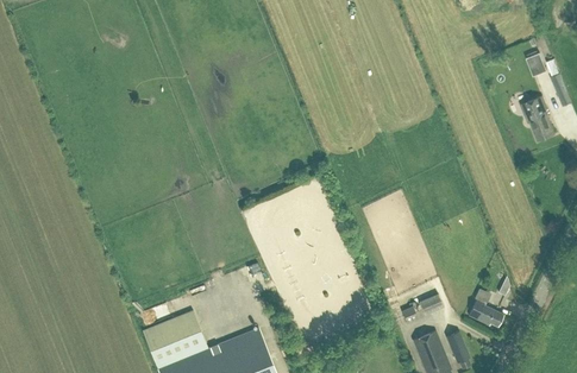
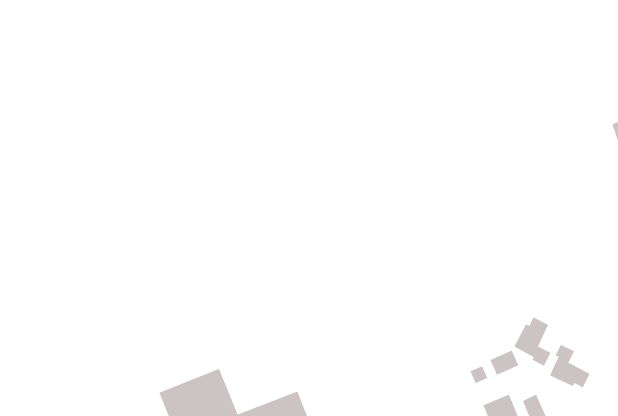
building: none -> [513,317,551,366]

